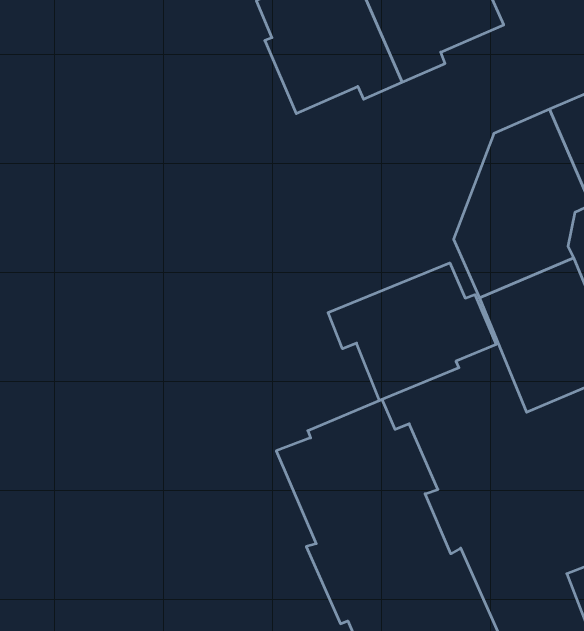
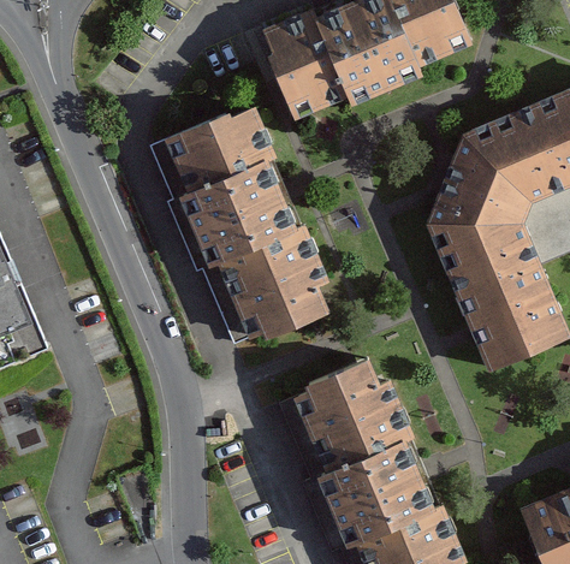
building: none -> [164,108,327,338]
building: [328,263,496,400] -> none

